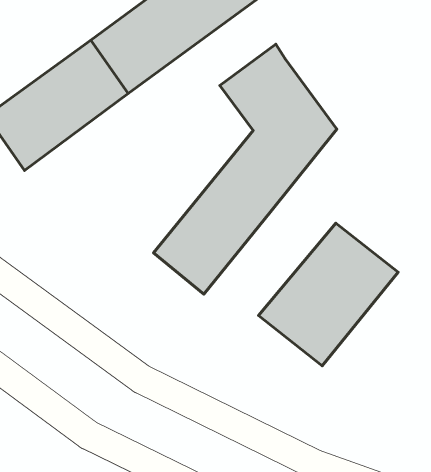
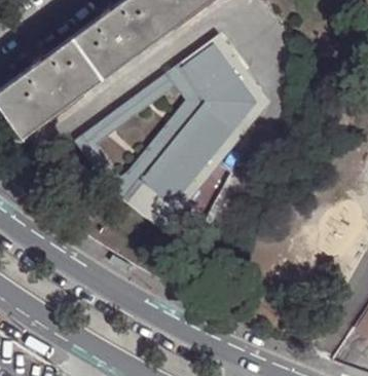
building: none -> [70,71,197,204]
building: [259,223,398,366] -> none

